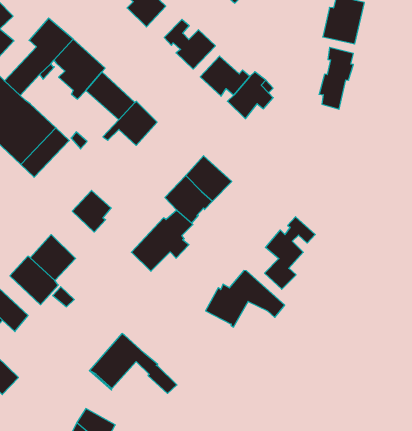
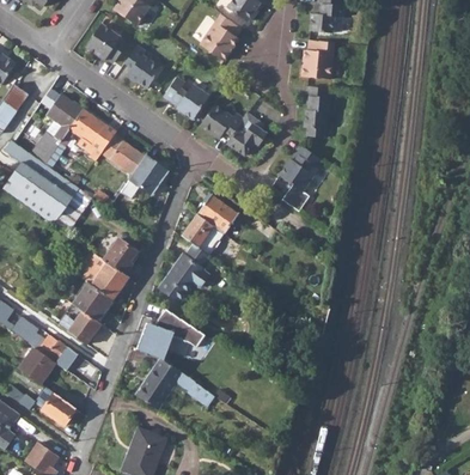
building: none -> [83,254,128,299]
building: [265,217,315,289] -> [281,147,323,212]
building: [206,271,285,327] -> [138,310,206,360]

